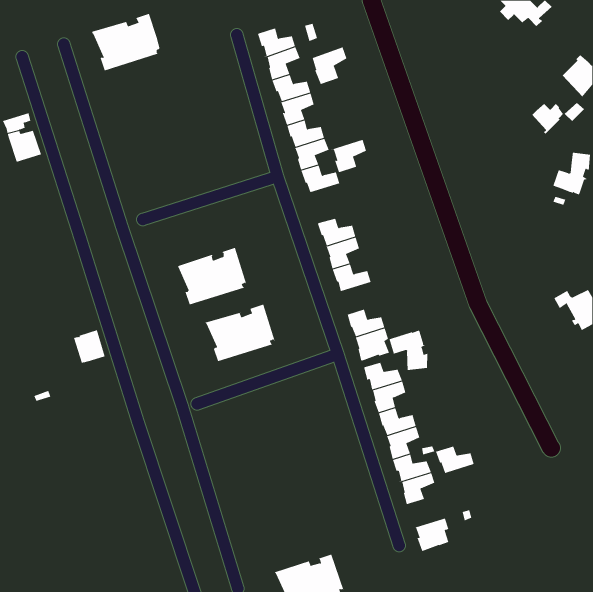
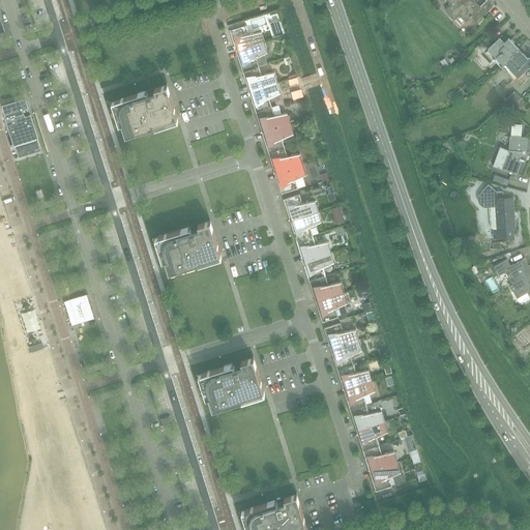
building: [91,13,161,71] -> [115,85,177,137]
building: [309,46,347,85] -> none
building: [531,103,564,135] -> [489,40,518,68]
building: [330,139,367,174] -> [273,165,306,196]
building: none -> [478,186,516,239]
building: none -> [301,253,334,282]
building: [205,304,275,362] -> [201,358,264,410]
building: [389,330,428,371] -> none
building: [435,446,475,475] -> [362,446,398,472]

